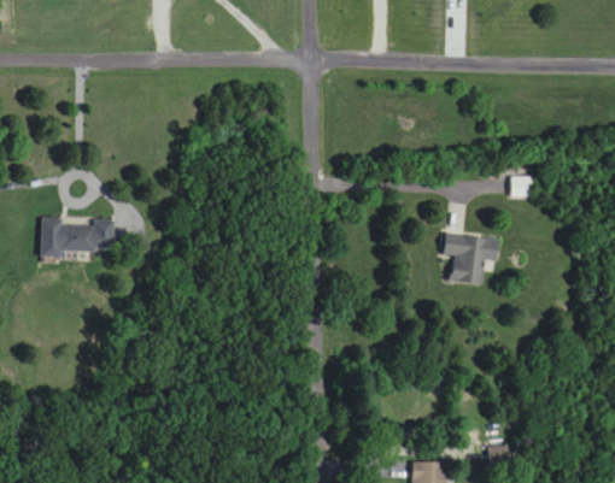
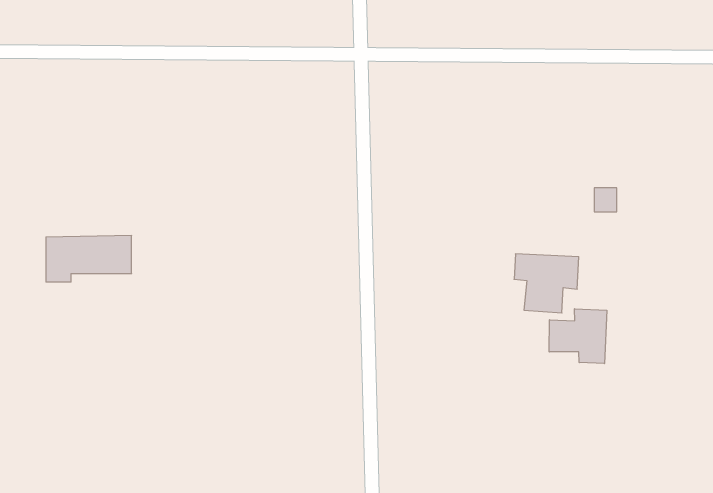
building: none -> [549,309,607,364]

